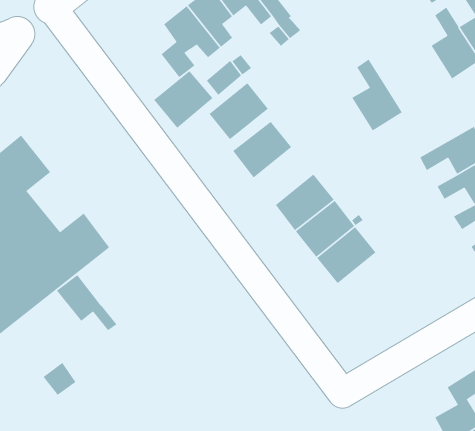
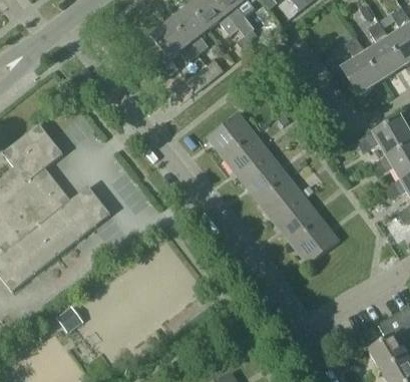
building: [351,58,403,131] -> [341,36,382,94]
building: [153,70,213,129] -> none
building: [209,82,269,140] -> [224,133,272,179]
building: none -> [291,218,339,264]
building: [56,274,118,331] -> none

